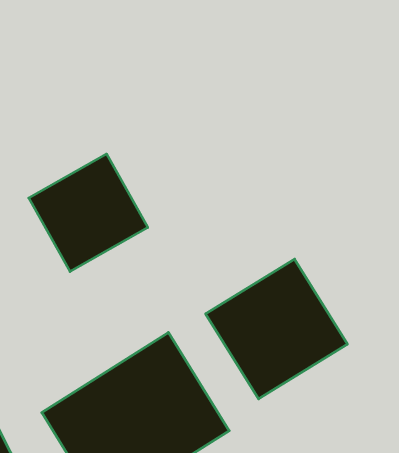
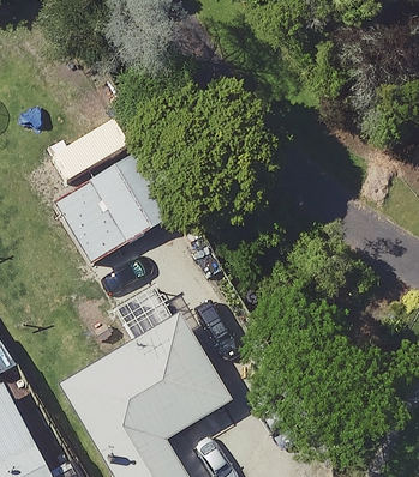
building: [206,259,347,399] -> none

